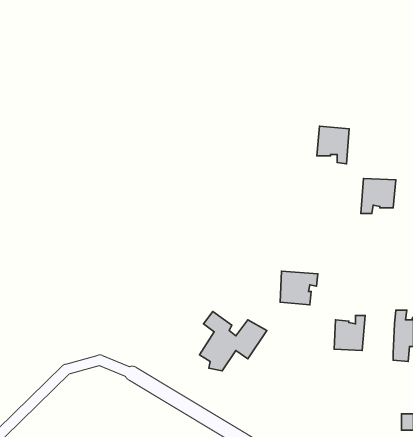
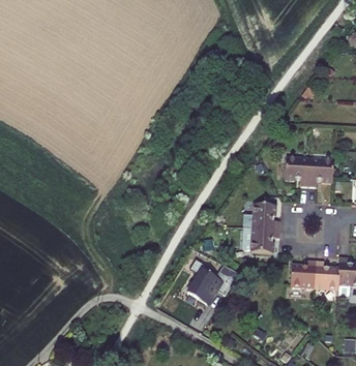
building: [317,126,349,164] -> [289,153,314,182]
building: none -> [250,204,278,228]
building: none -> [313,261,337,296]

